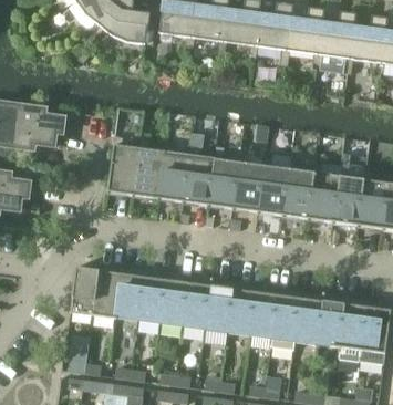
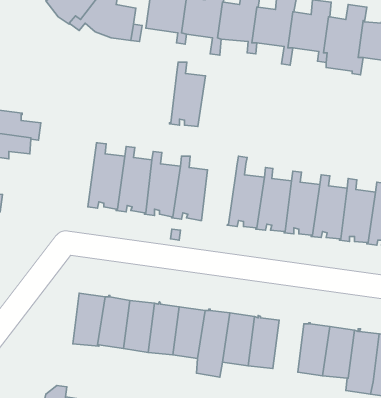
building: [208,150,240,208] -> [170,62,205,126]
building: [71,266,100,315] -> none
building: [272,294,301,350] -> none

